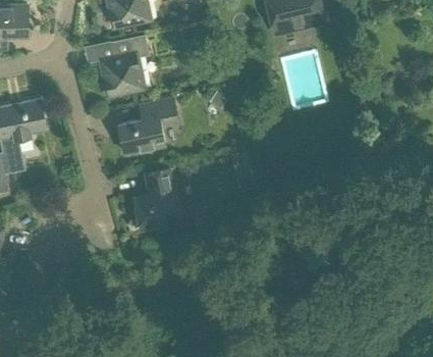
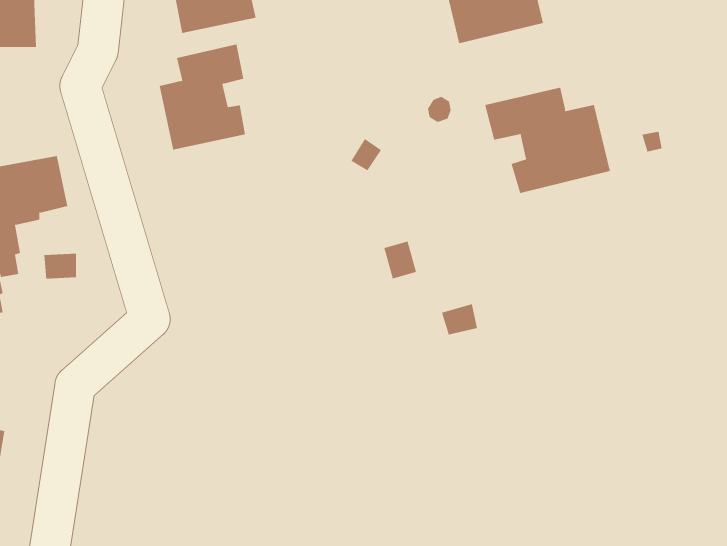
building: none -> [484,87,610,194]
building: [117,98,177,153] -> none
building: [132,166,181,227] -> none

